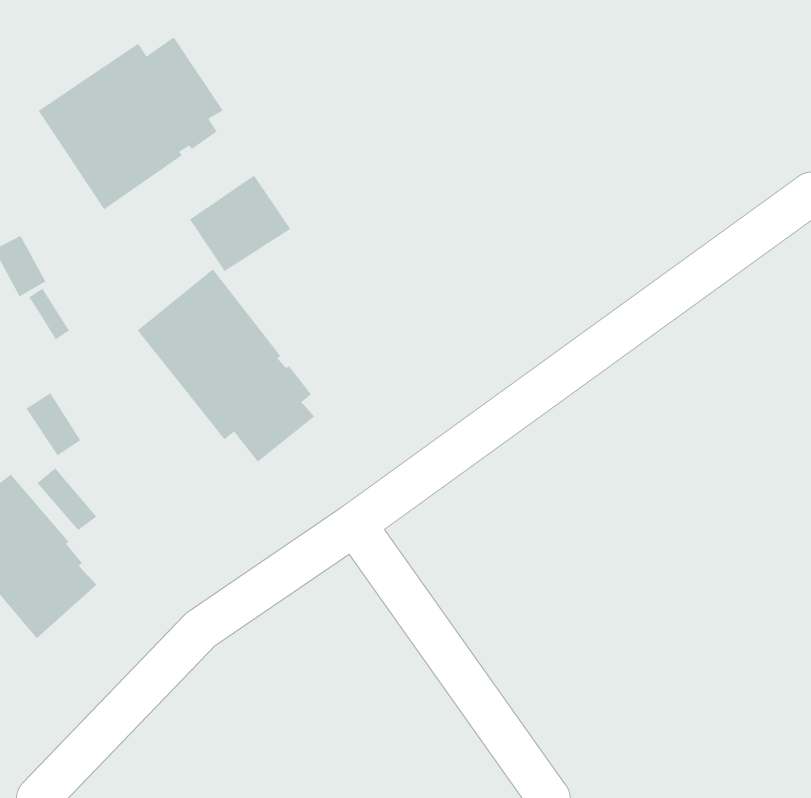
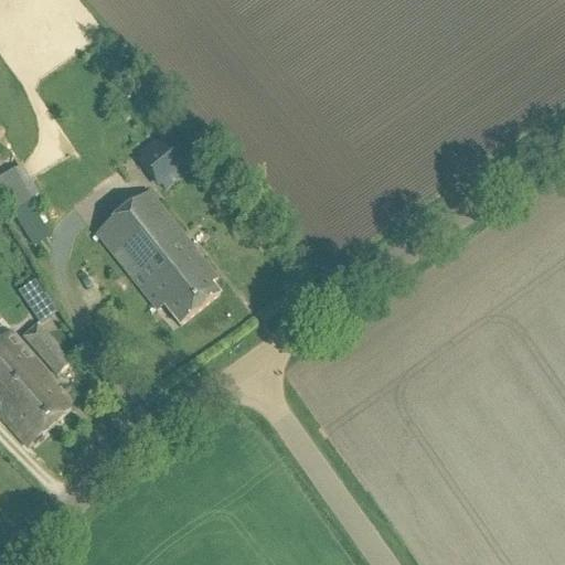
building: [38,37,224,210] -> none

